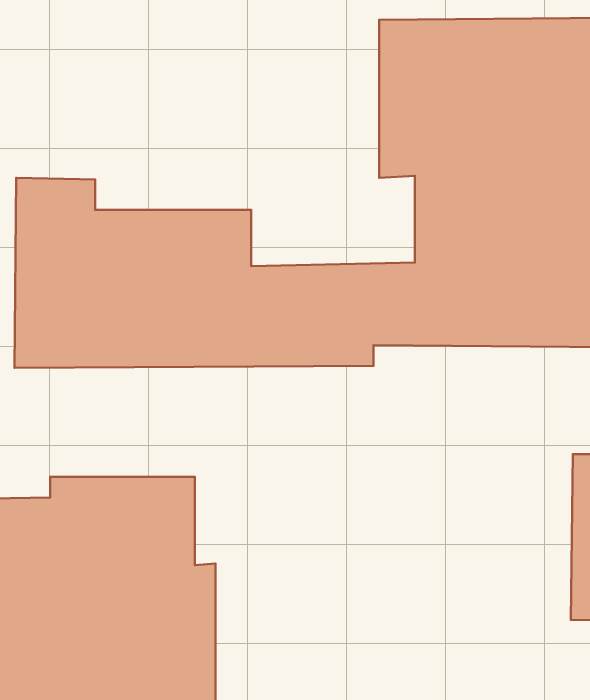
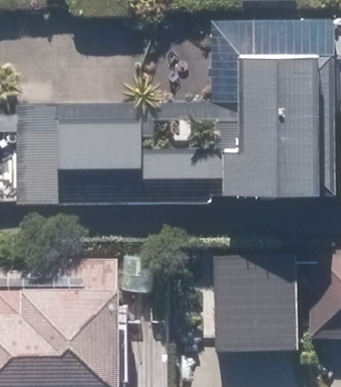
building: none -> [217,259,296,349]

